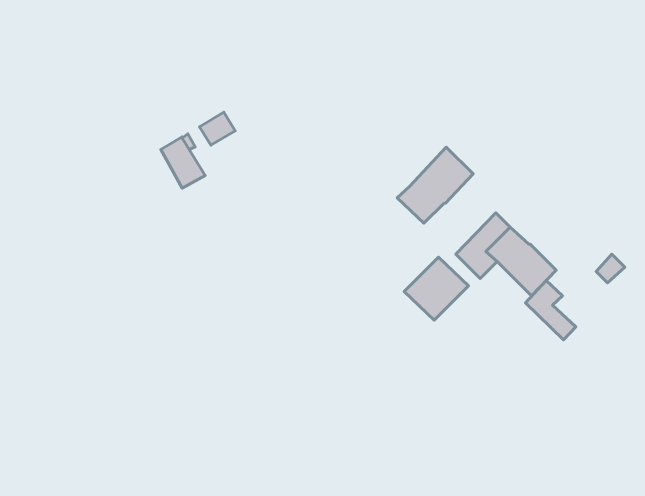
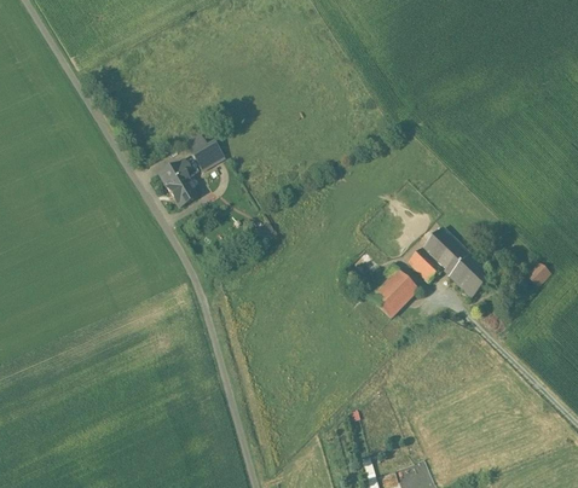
building: [397,147,473,223] -> none
building: [525,281,576,340] -> none

